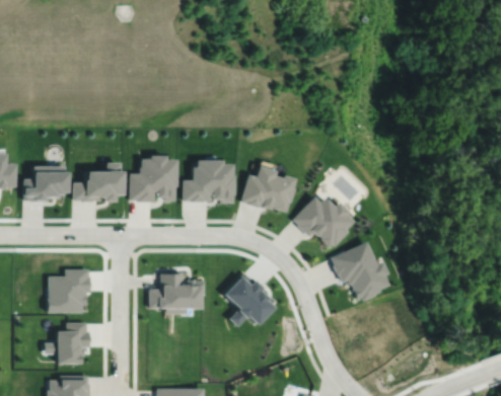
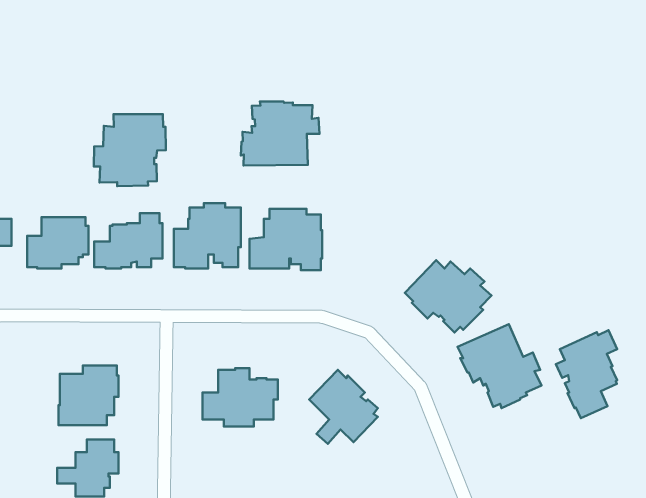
building: none -> [241,102,319,165]
building: none -> [94,114,166,186]
building: [241,165,296,212] -> none
building: none -> [556,330,617,418]

